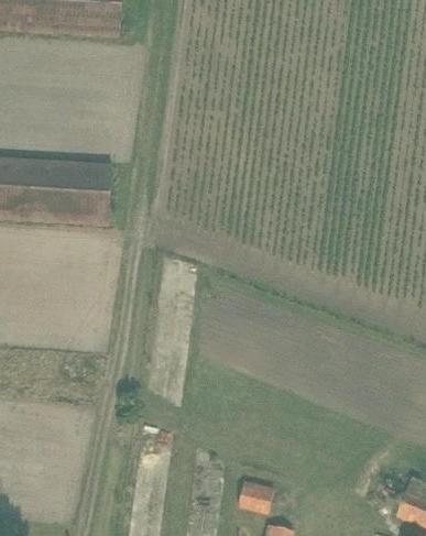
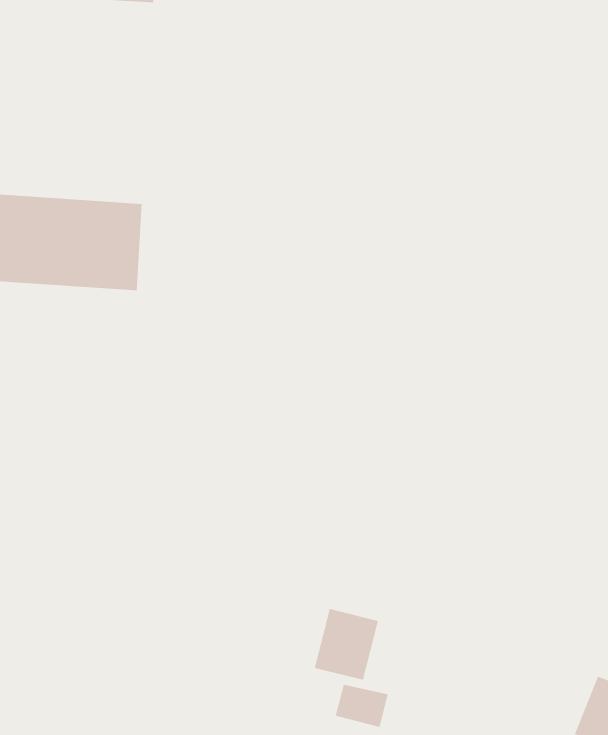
building: none -> [314,608,378,681]

